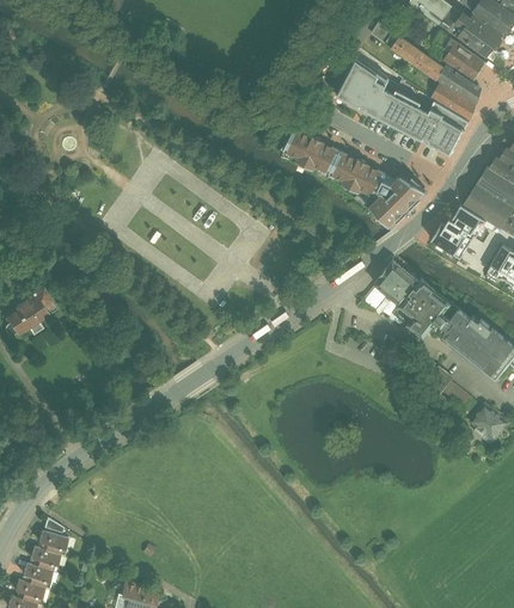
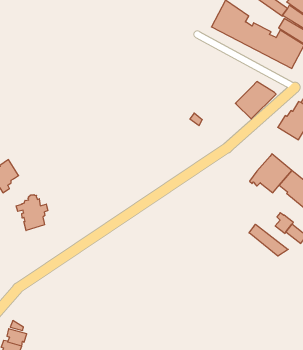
building: [281,129,393,209] -> none
building: [375,260,420,303] -> none
building: none -> [16,195,48,231]
building: none -> [249,224,288,256]

